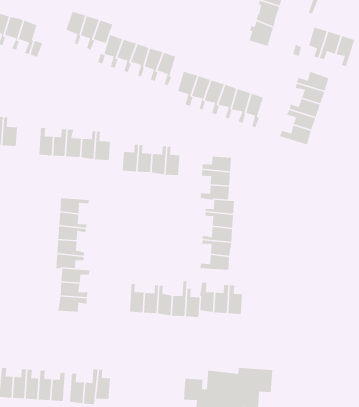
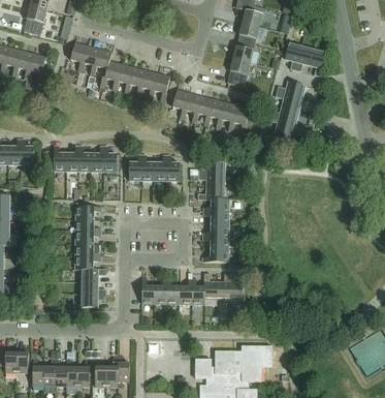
building: none -> [227,58,250,86]

